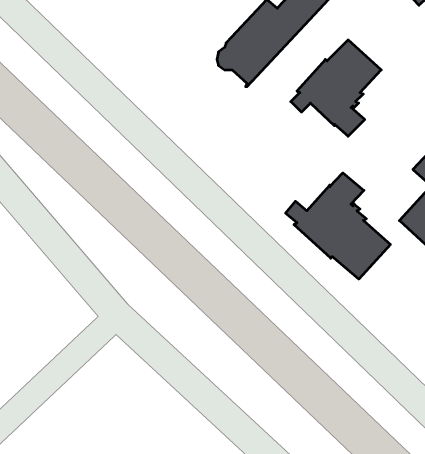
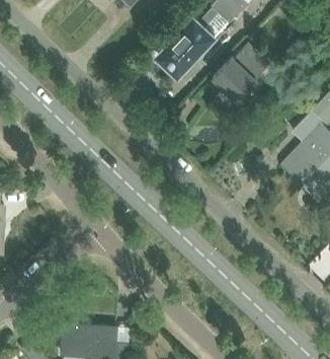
building: [286,173,390,279] -> none

